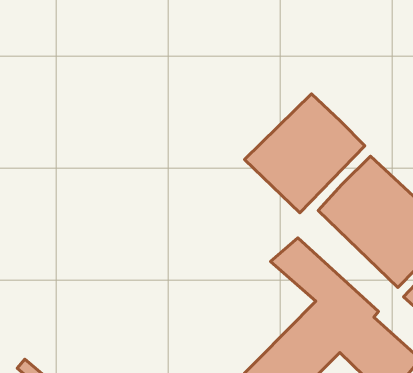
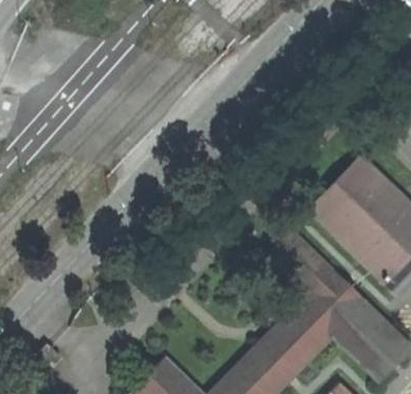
building: [245,94,365,213] -> none

